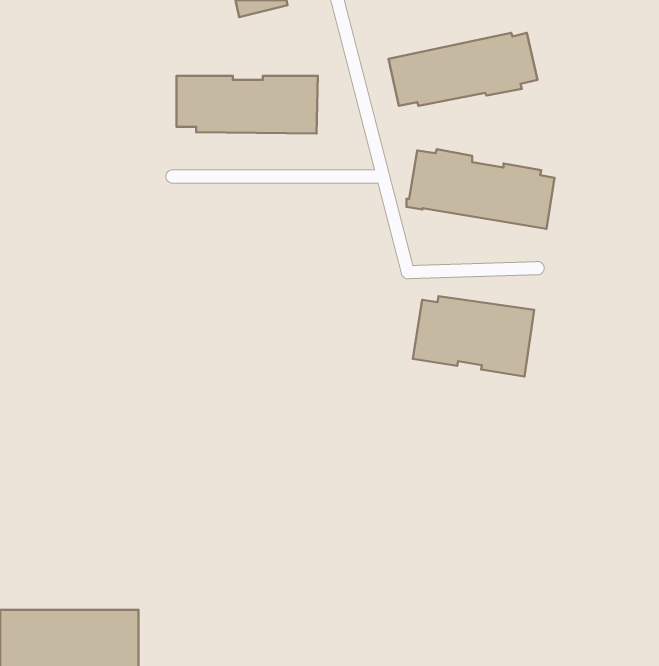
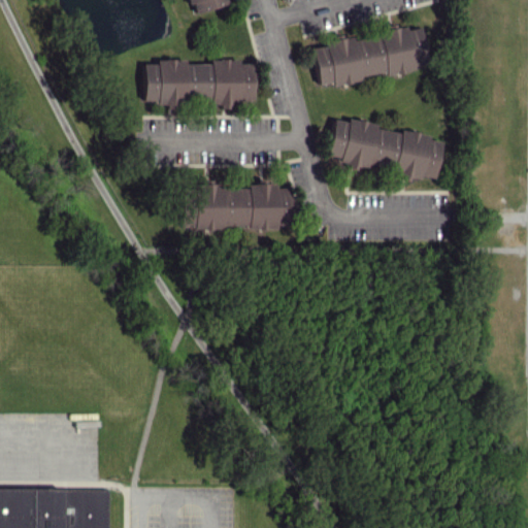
building: none -> [184,185,294,231]
building: [413,296,534,376] -> none

